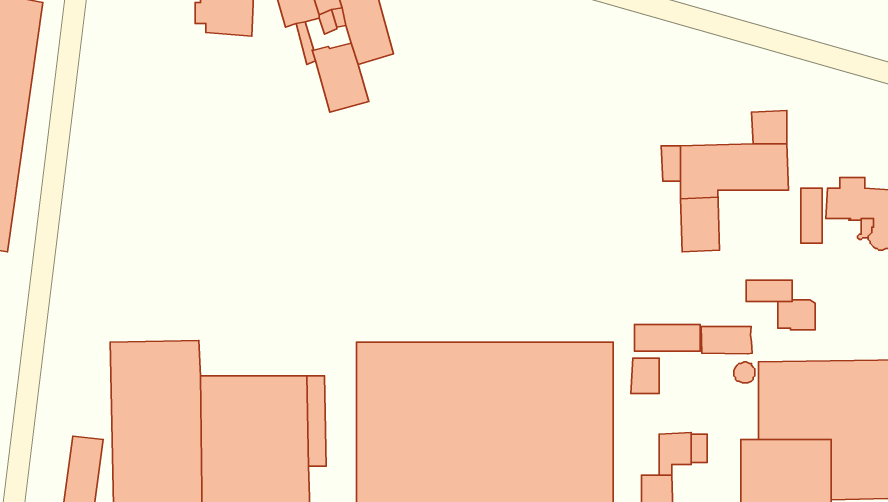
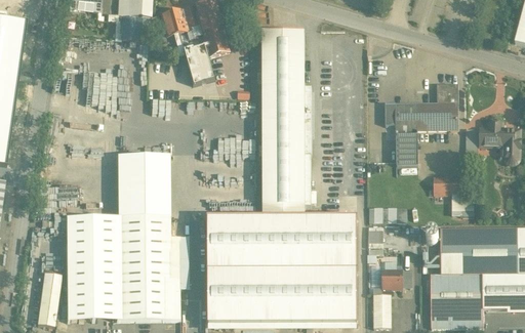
building: none -> [261,29,310,216]
building: none -> [116,155,168,236]
building: [701,326,752,354] -> none

